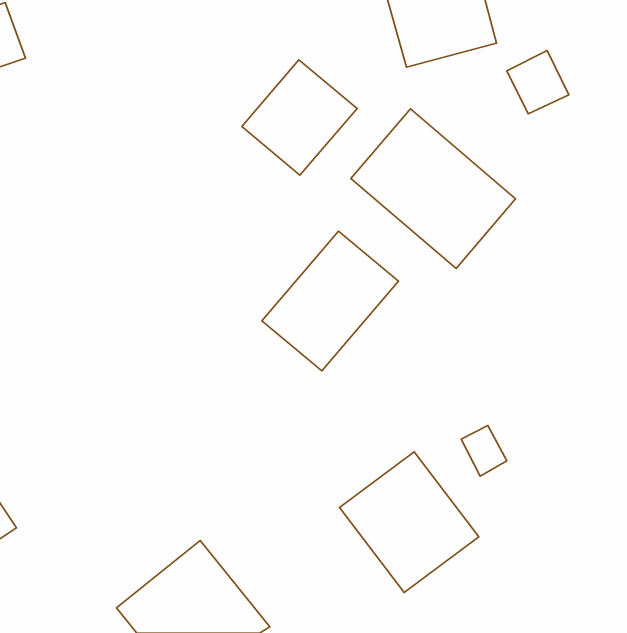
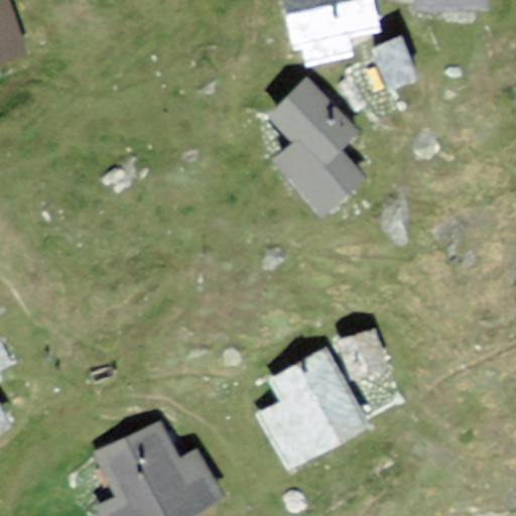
building: [242,60,357,175] -> none
building: [262,231,399,371] -> none

